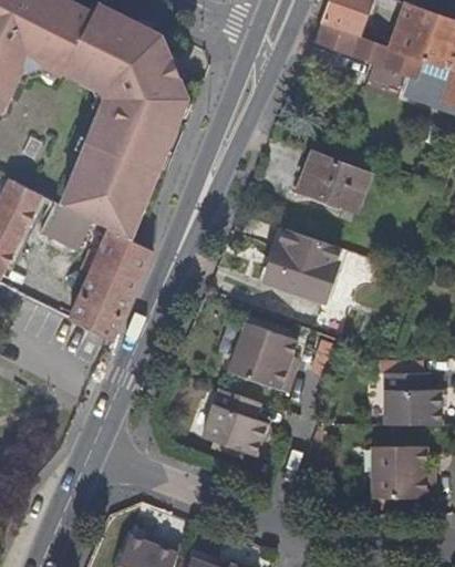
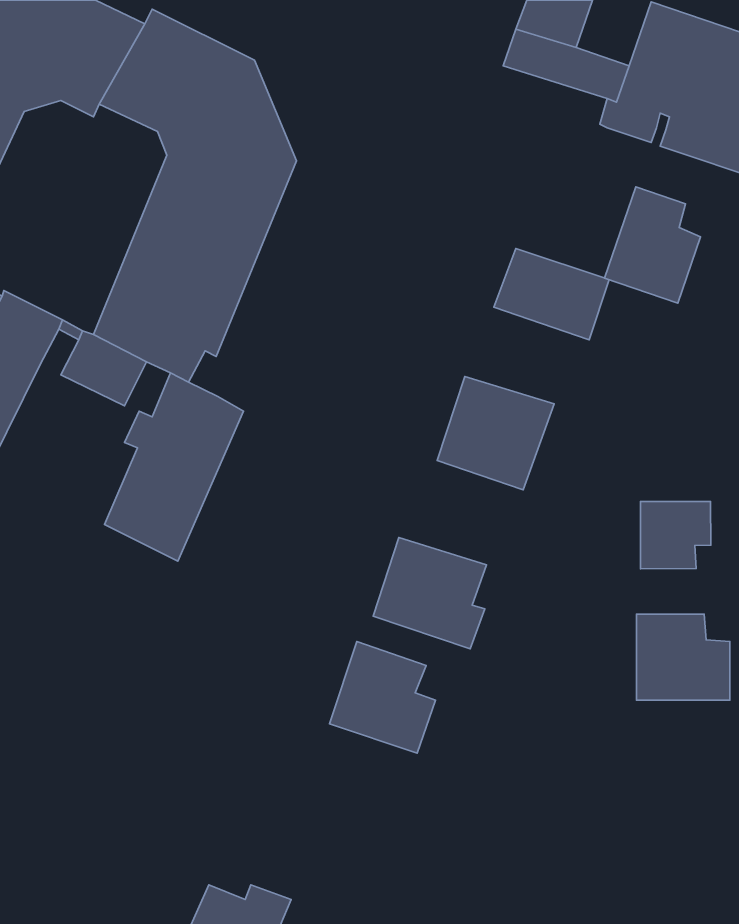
building: none -> [605,187,700,303]
building: none -> [641,501,711,569]
building: [376,446,438,498] -> none

